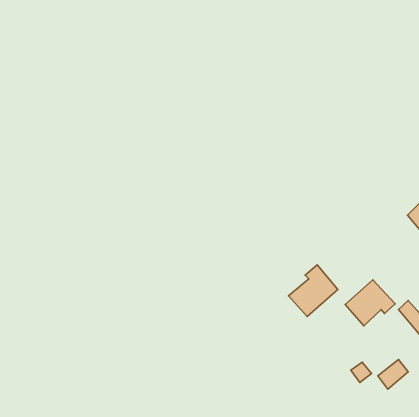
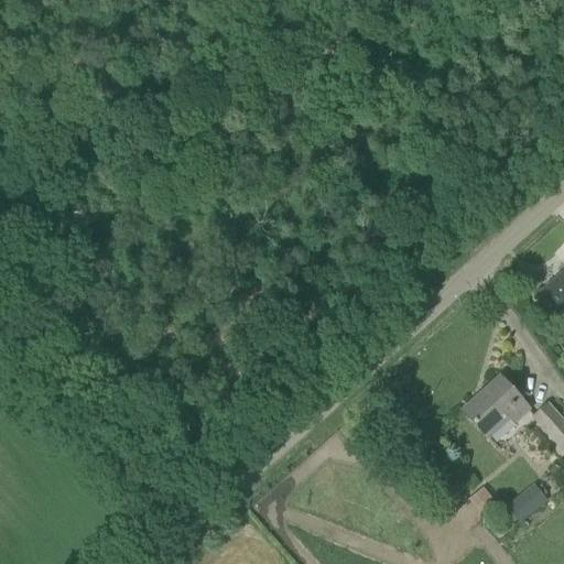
building: [288,265,338,317] -> none

